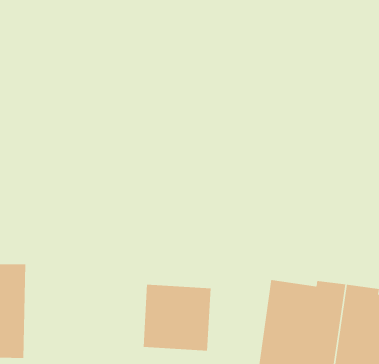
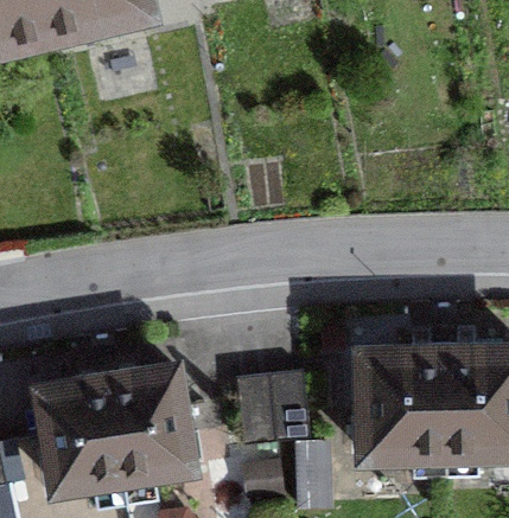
building: none -> [109,371,189,478]

